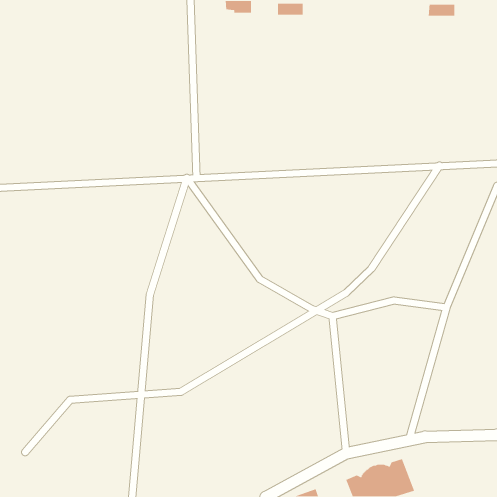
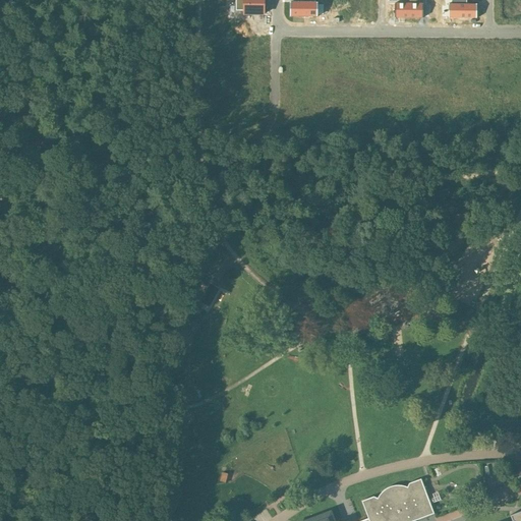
building: none -> [395,4,422,18]

